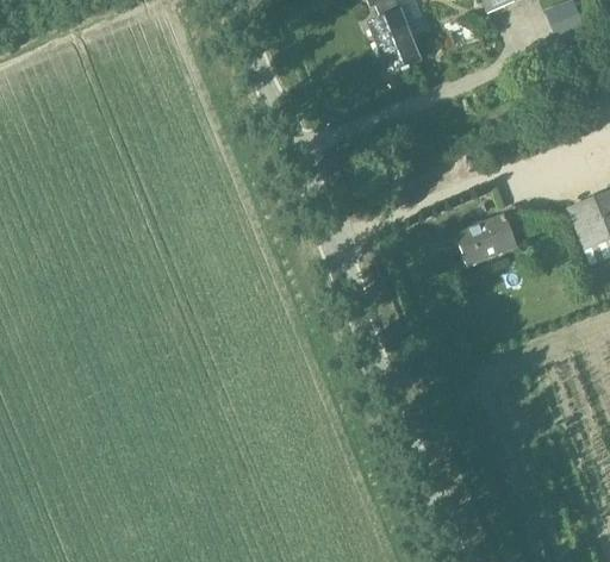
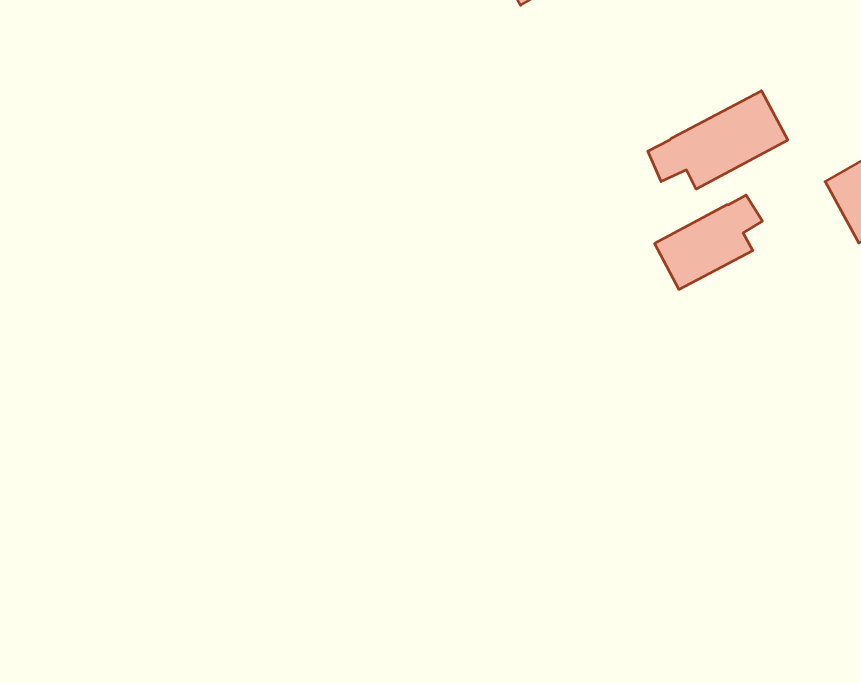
building: none -> [648,91,788,189]

